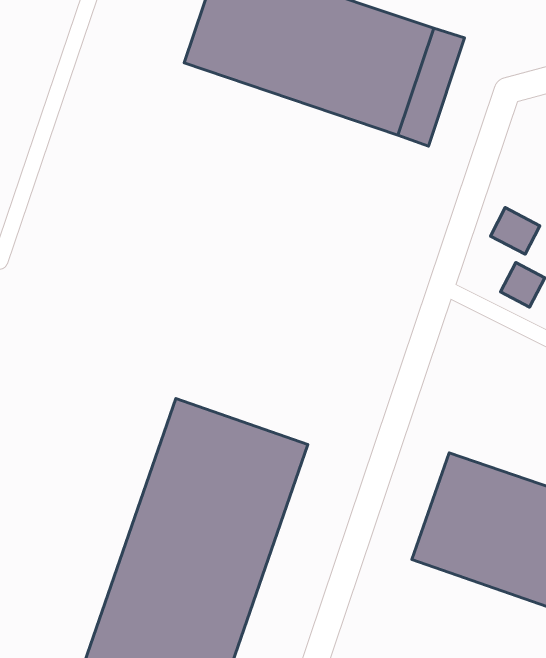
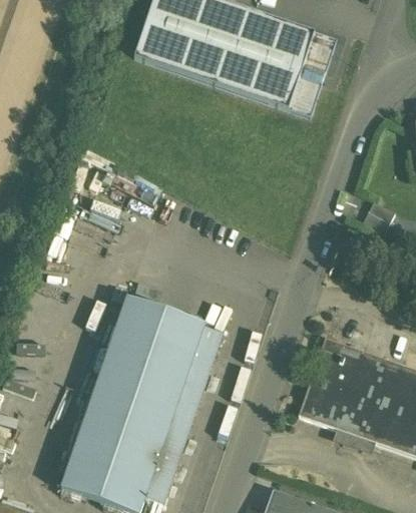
building: [490,208,540,254] -> none

